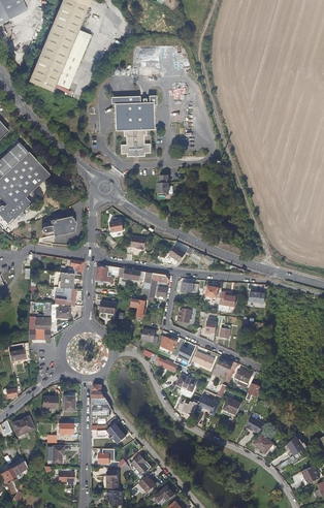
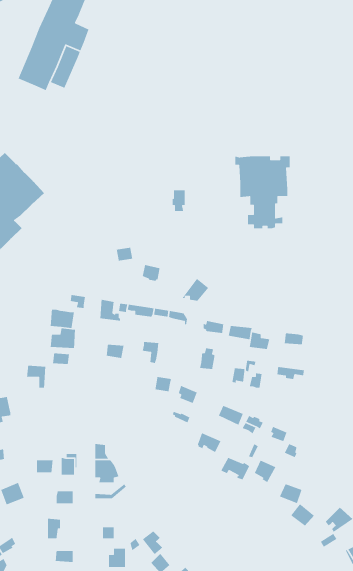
building: [109,94,156,155] -> [235,156,291,229]
building: [47,218,77,236] -> none

